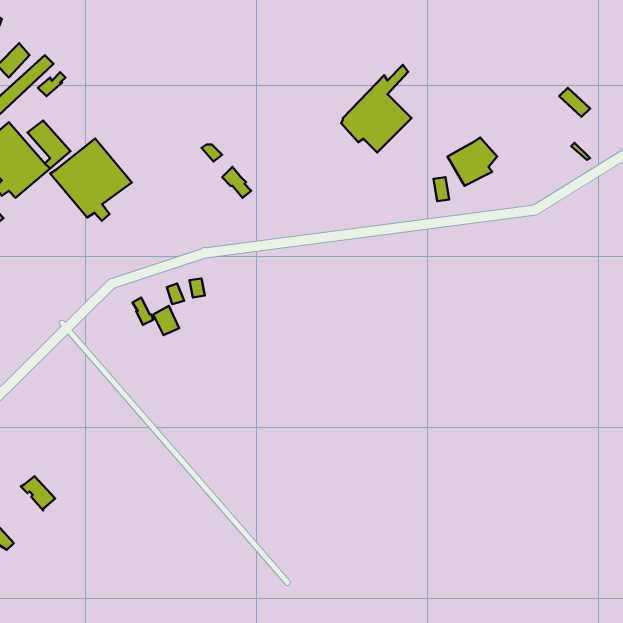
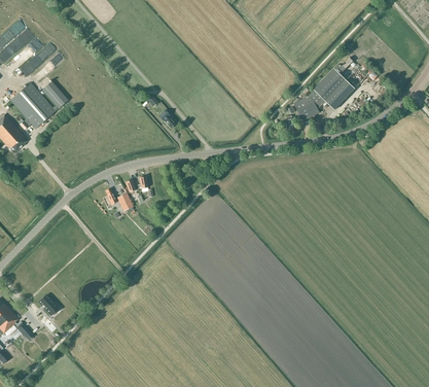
building: [341,65,412,153] -> [313,57,355,109]
building: [50,139,132,221] -> none

